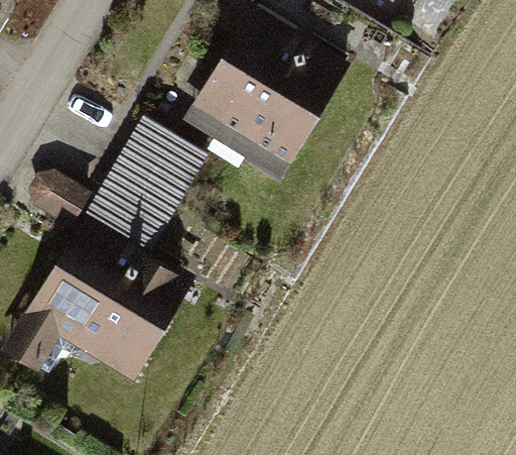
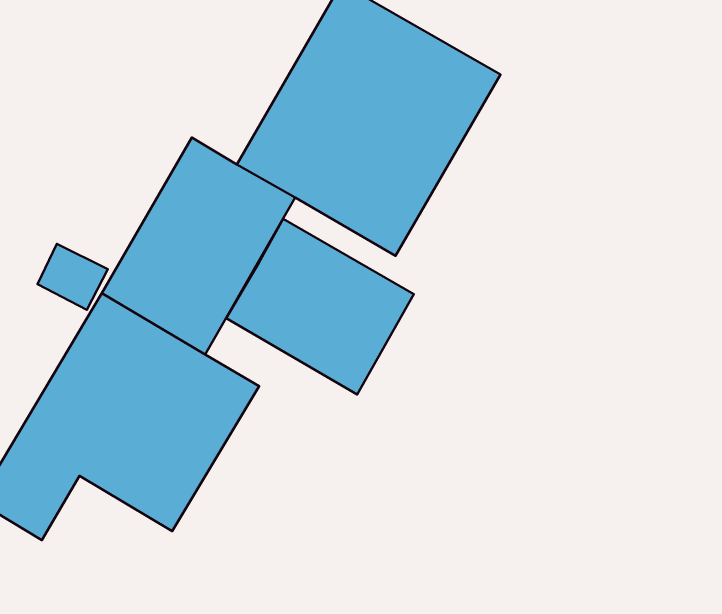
building: none -> [226,219,414,395]

